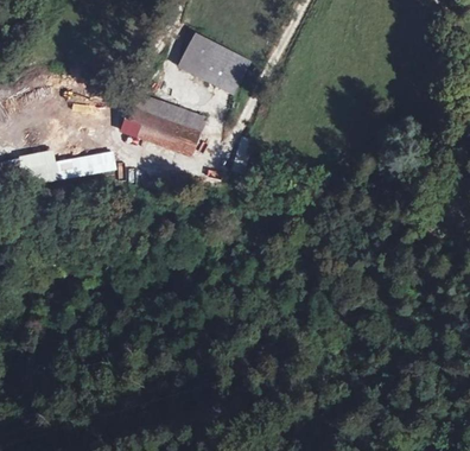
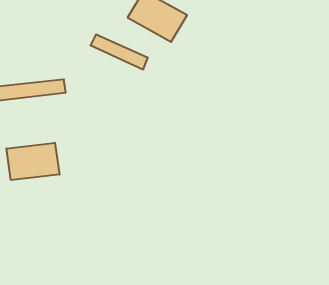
building: [122,107,201,155] -> none
building: none -> [6,143,59,180]

